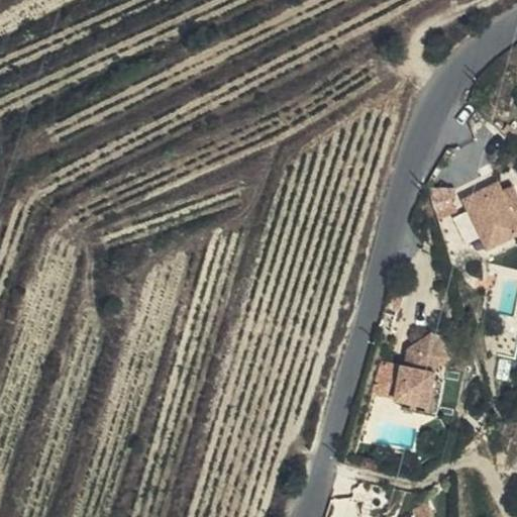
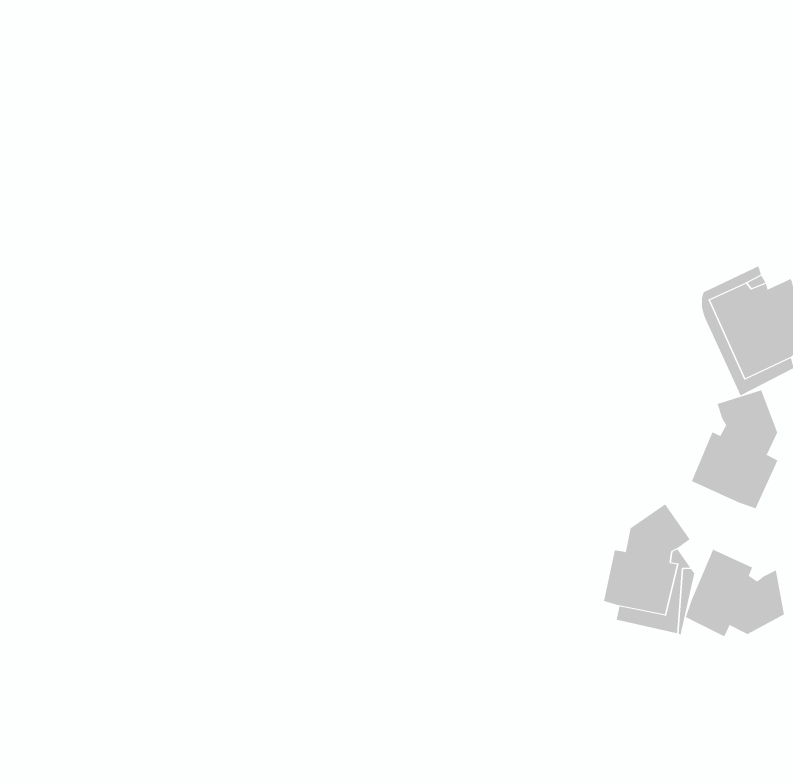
building: none -> [691,390,778,509]
building: none -> [685,549,784,637]

